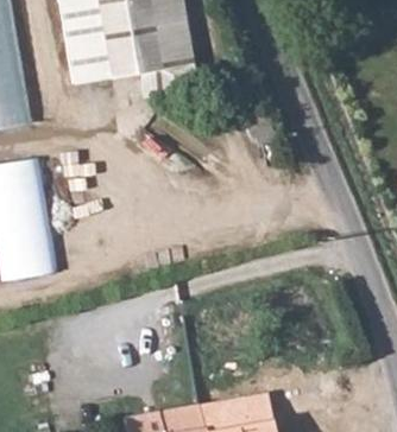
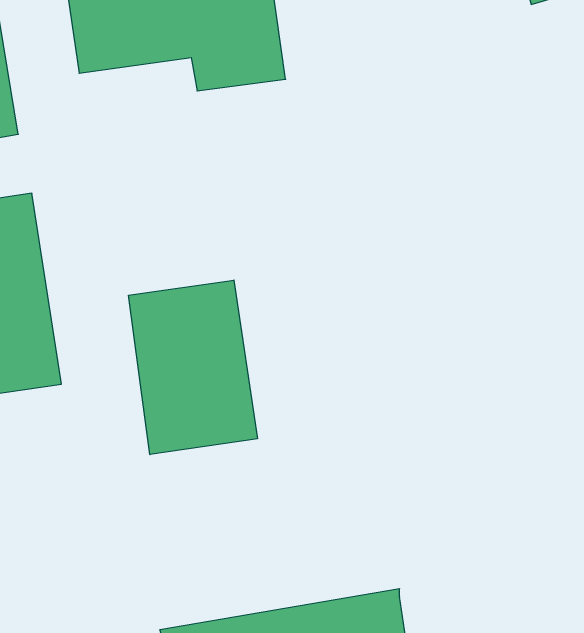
building: none -> [129,280,257,455]

